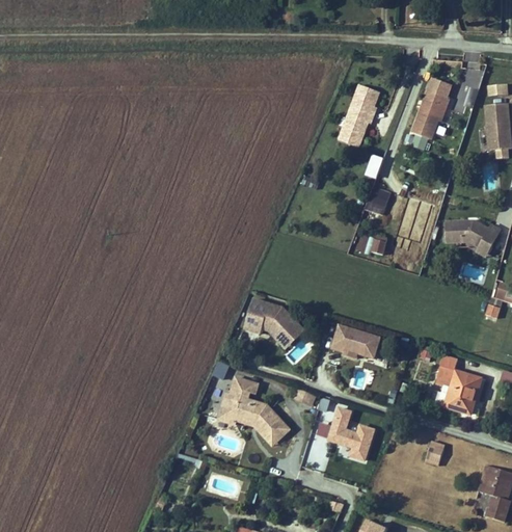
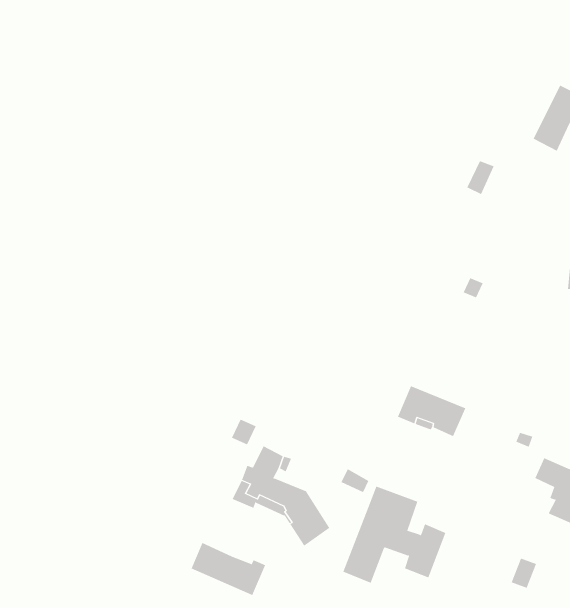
building: [338,88,378,150] -> none
building: [366,188,389,214] -> none
building: [244,298,306,350] -> none
building: none -> [191,542,266,596]

